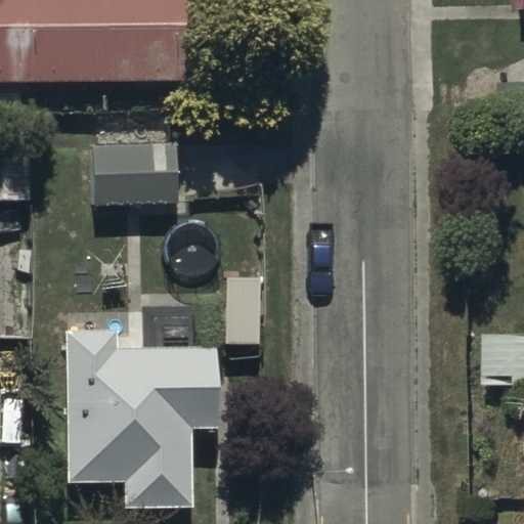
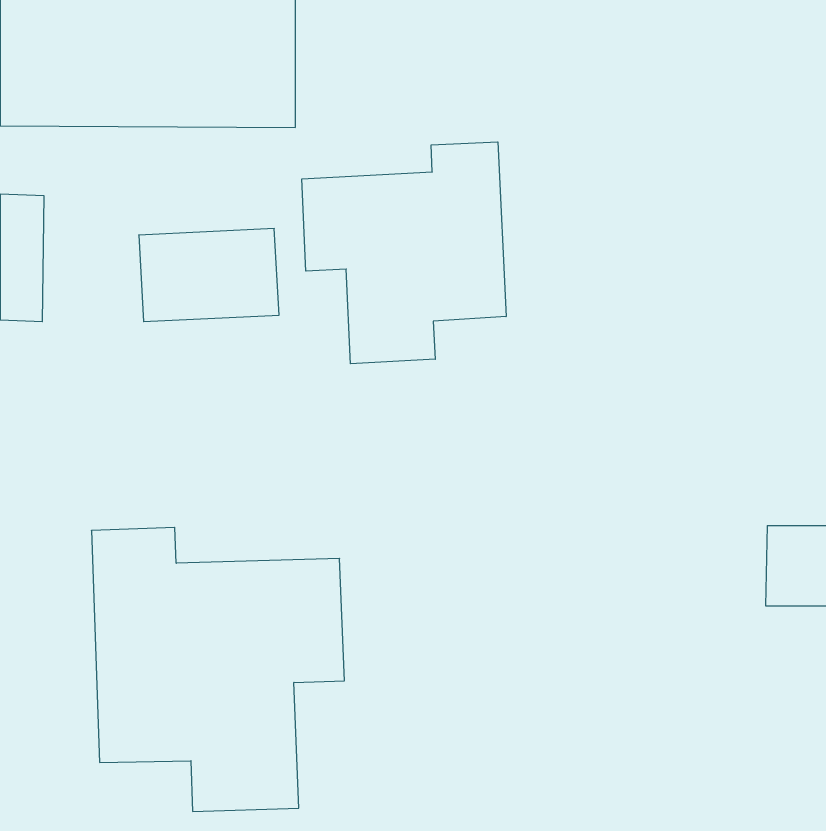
building: none -> [302,142,506,364]

